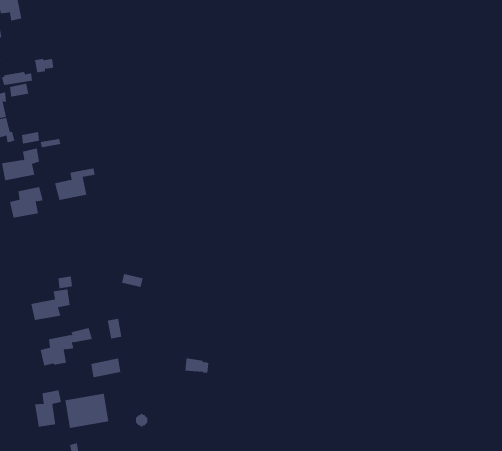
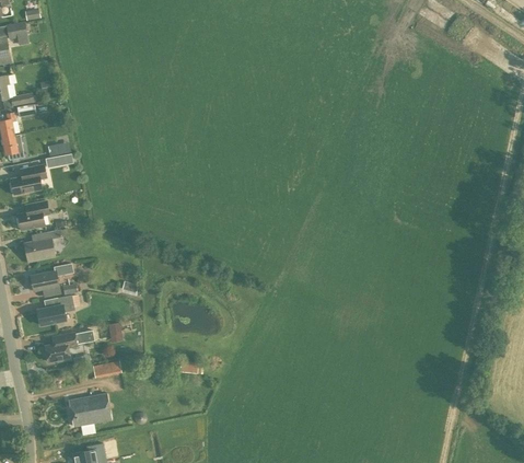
building: [54,168,95,201] -> [23,229,61,259]
building: none -> [30,269,61,297]
building: [34,389,61,427] -> none

